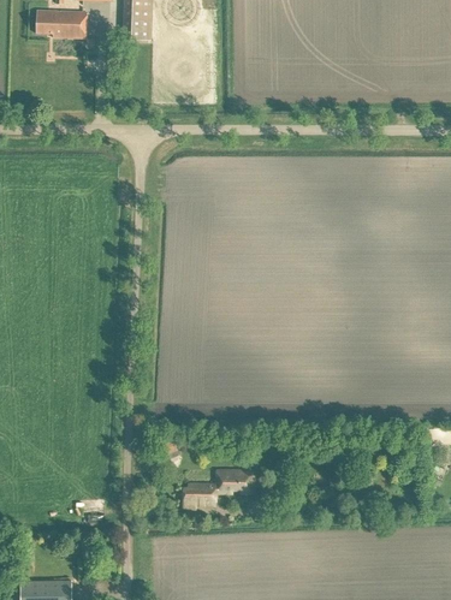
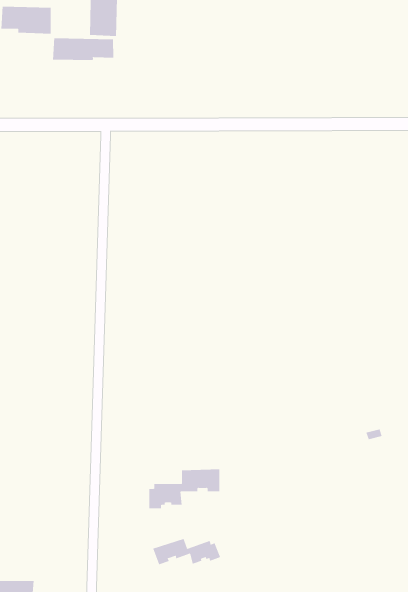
building: none -> [52,37,114,61]
building: none -> [152,538,221,565]

